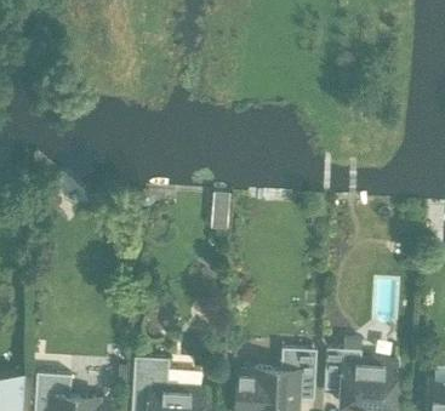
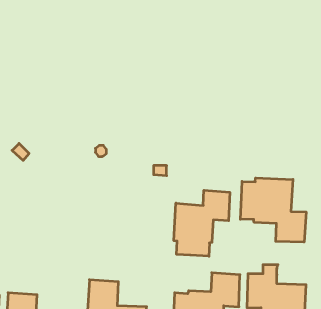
building: none -> [240,178,306,242]
building: none -> [174,190,230,256]

